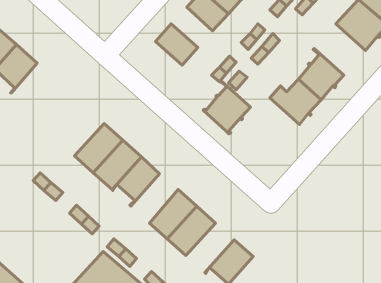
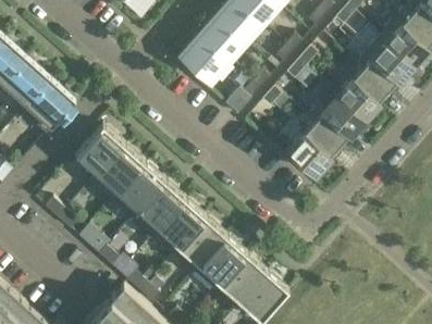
building: none -> [198,17,244,62]
building: none -> [356,36,412,92]
building: none -> [22,79,75,134]
building: [203,80,250,134] -> [287,117,340,176]
building: none -> [75,127,124,182]
building: none -> [153,201,206,256]
building: none -> [214,256,268,310]

